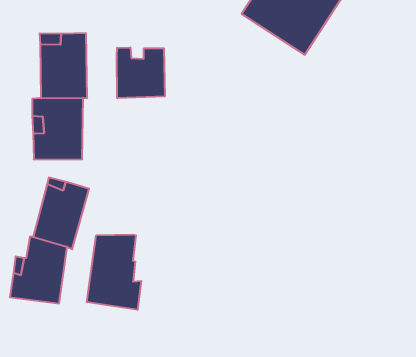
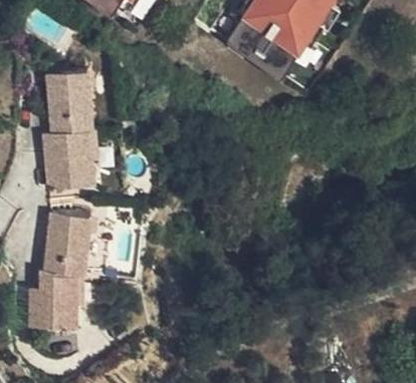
building: [117,47,165,98] -> none
building: [87,235,141,310] -> none

